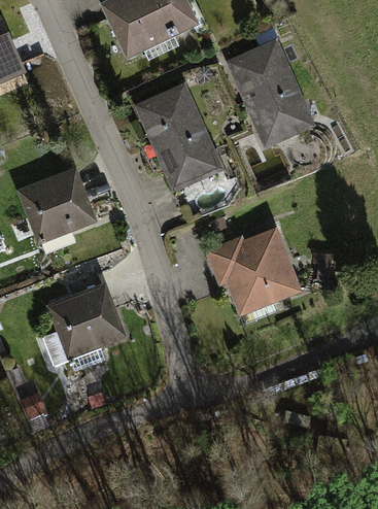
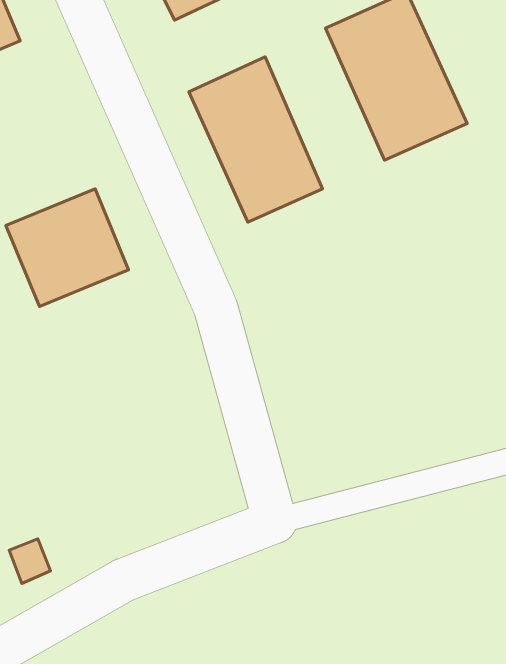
building: [204,229,301,315] -> none
building: [46,281,128,359] -> none

